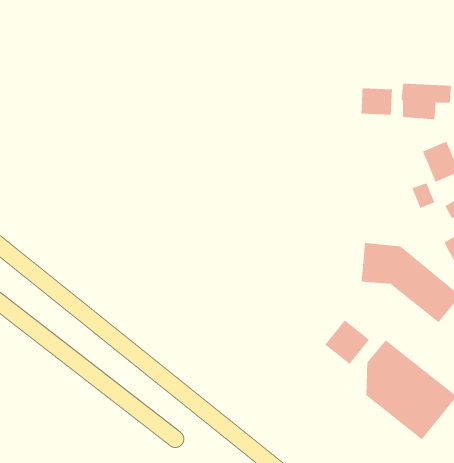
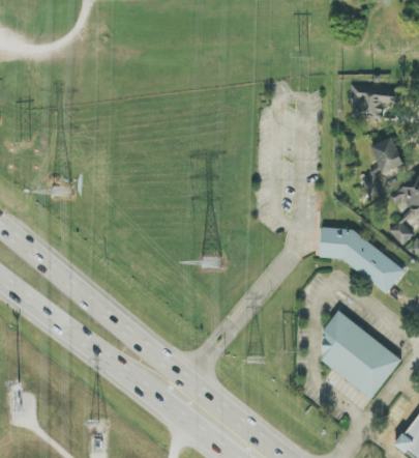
building: [361,87,392,116] -> none
building: [324,320,370,365] -> none

